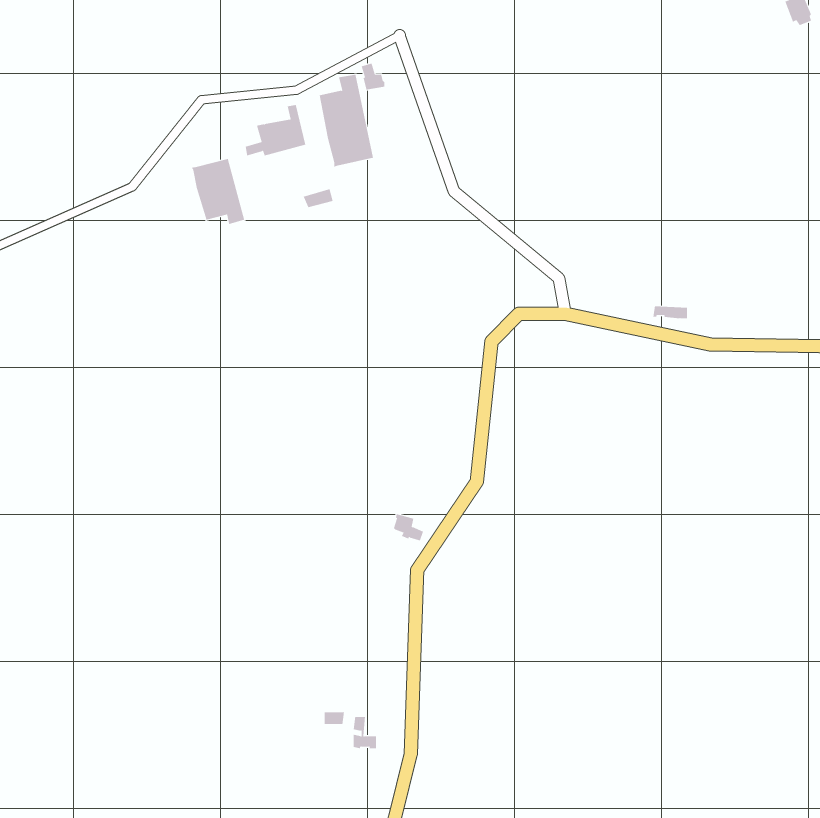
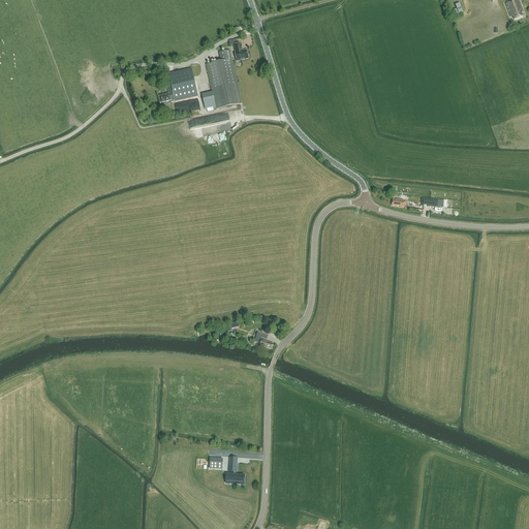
building: [191,158,245,225] -> none

